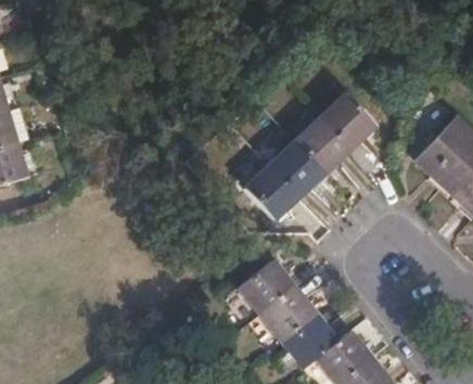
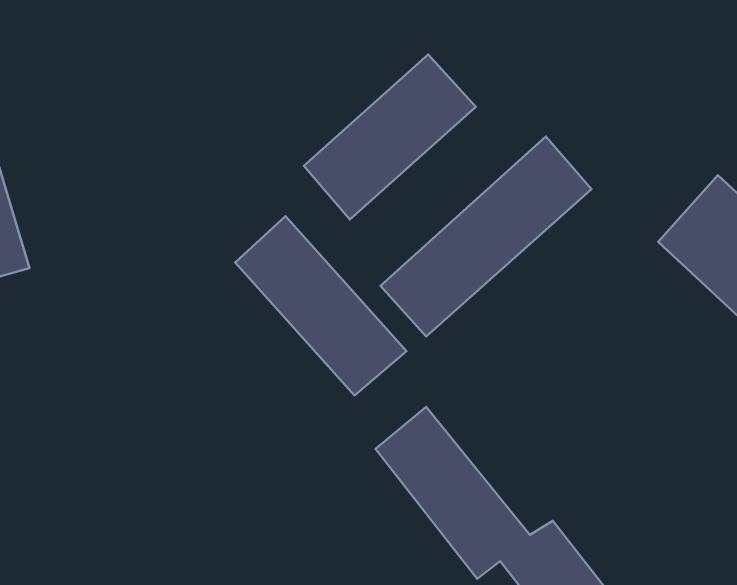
building: none -> [304,55,476,220]
building: none -> [235,216,407,395]

